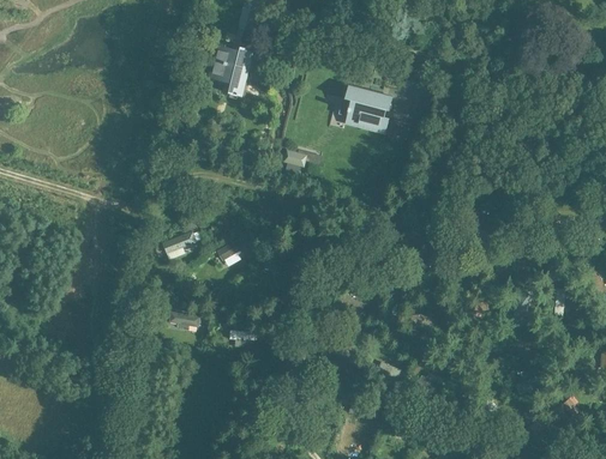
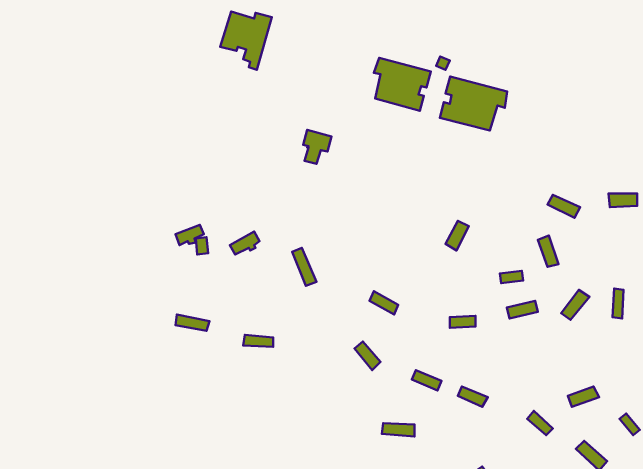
building: none -> [440,77,507,130]

